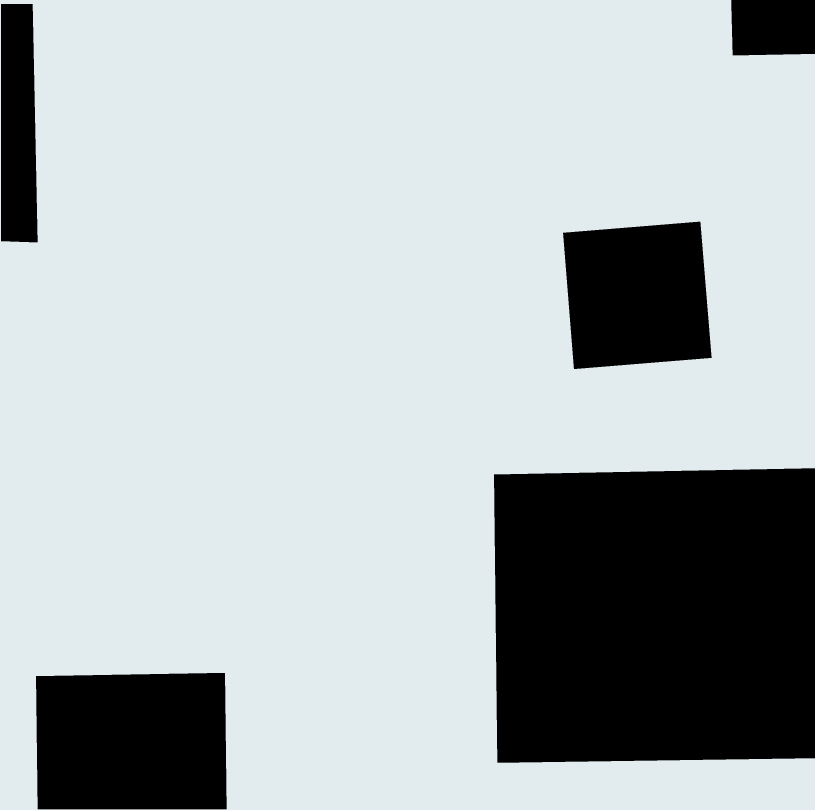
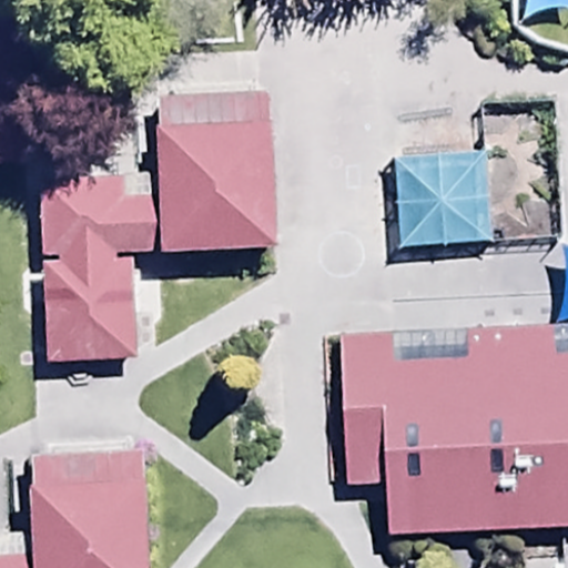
building: none -> [158,115,288,248]
building: none -> [41,181,148,345]

